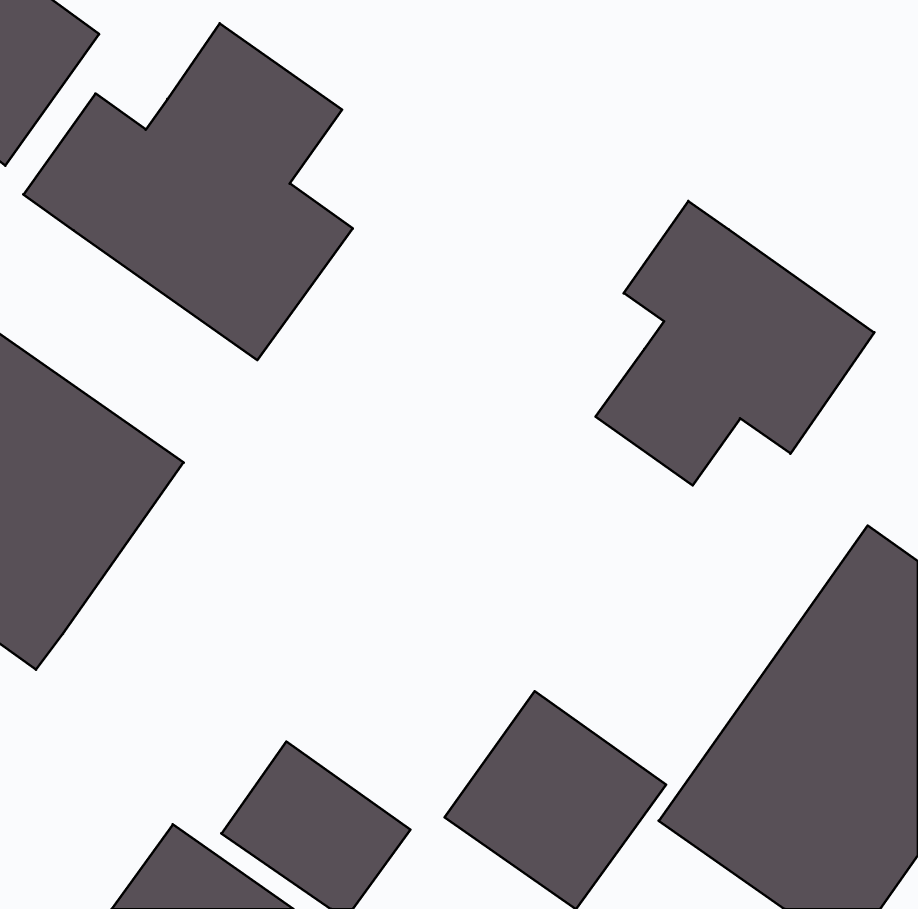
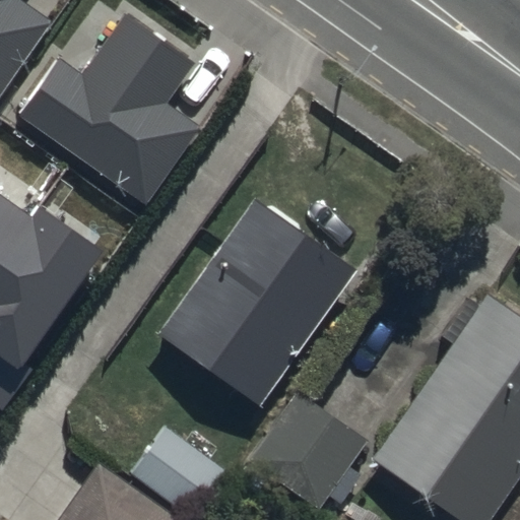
building: [596,201,874,485] -> none
building: none -> [154,197,353,408]

